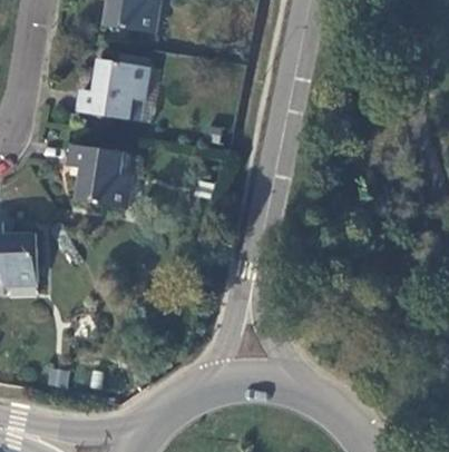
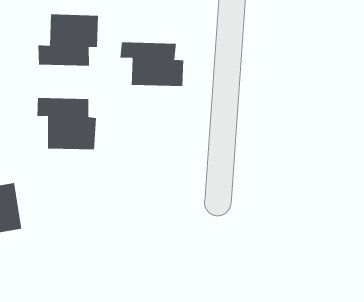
building: none -> [120,41,184,87]

